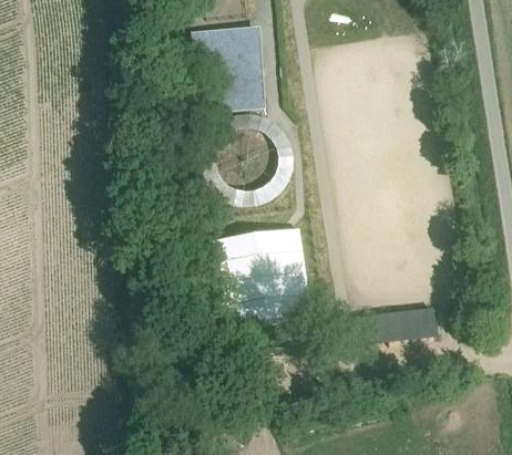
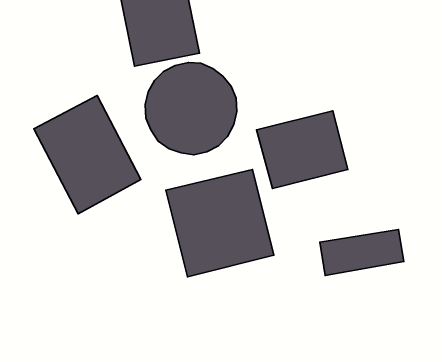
building: none -> [34,96,141,214]
building: none -> [256,111,348,188]

